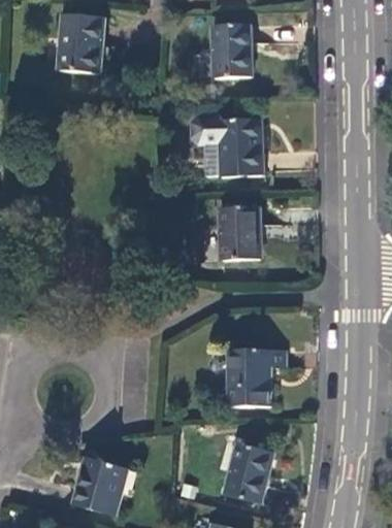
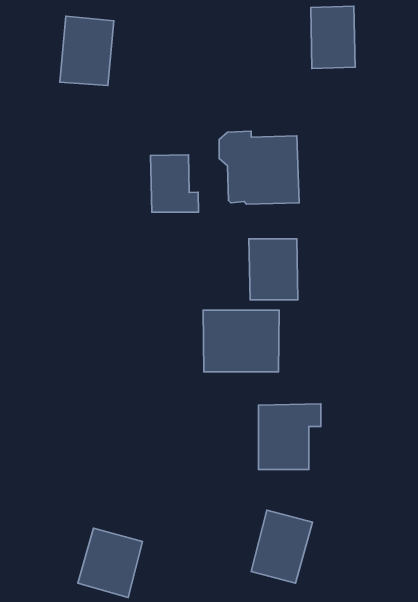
building: [214,23,252,76] -> [311,6,355,68]
building: none -> [151,155,199,212]
building: none -> [203,310,279,372]

